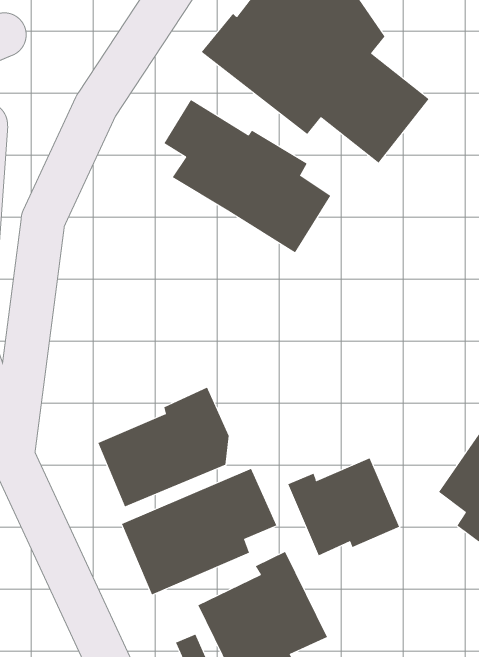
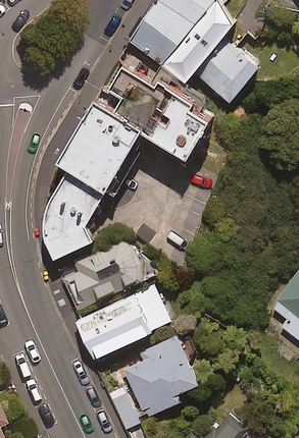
building: none -> [40,101,143,256]
building: [288,458,400,556] -> none

